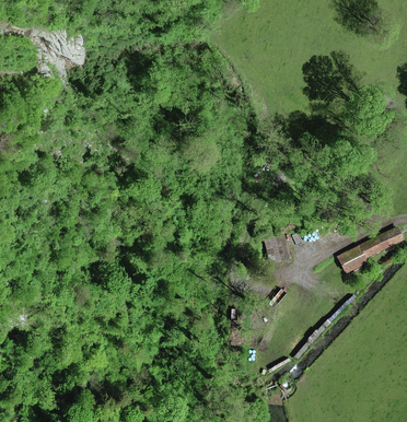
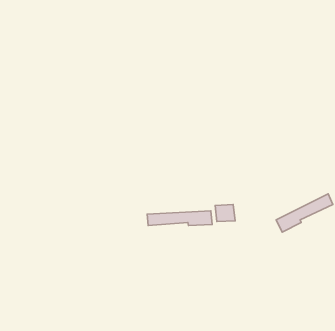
building: none -> [147,211,212,226]

